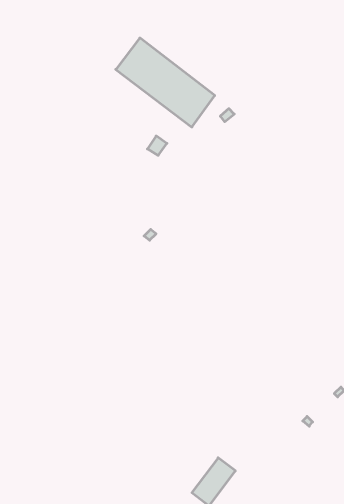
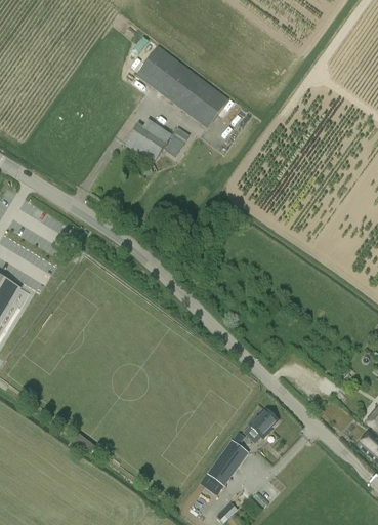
building: none -> [123,118,172,163]
building: none -> [244,407,278,441]

